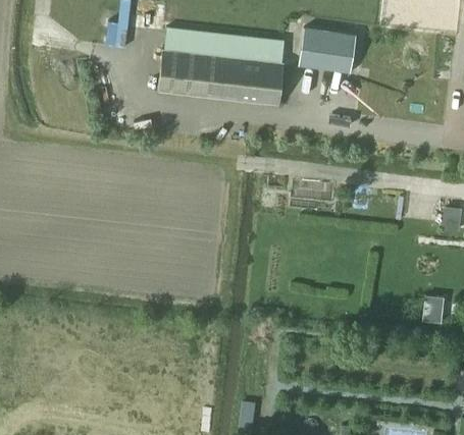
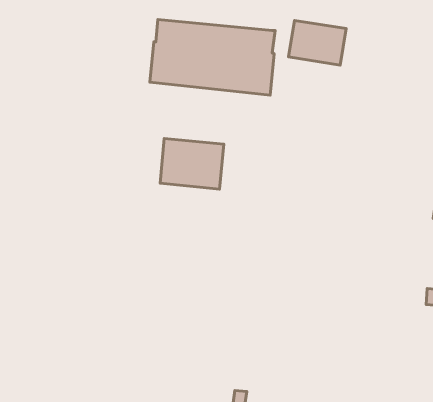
building: none -> [160,138,224,189]

